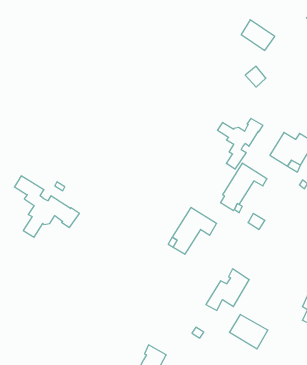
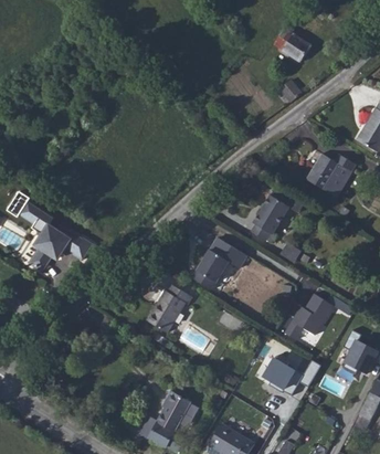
building: [218,118,263,169] -> none
building: none -> [147,285,192,332]
building: [206,269,249,310] -> [284,294,332,340]

